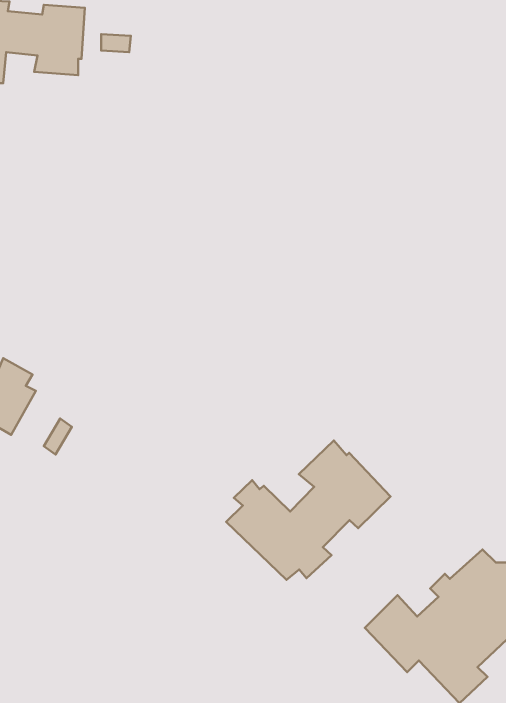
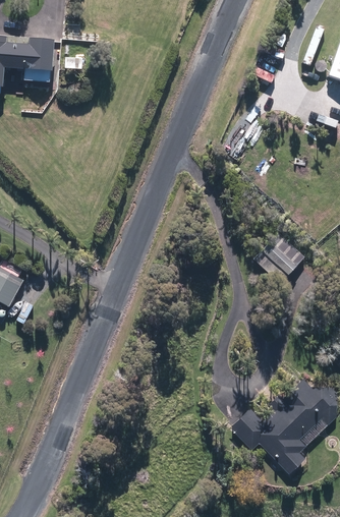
building: none -> [253,232,304,283]
building: [226,440,391,580] -> none

